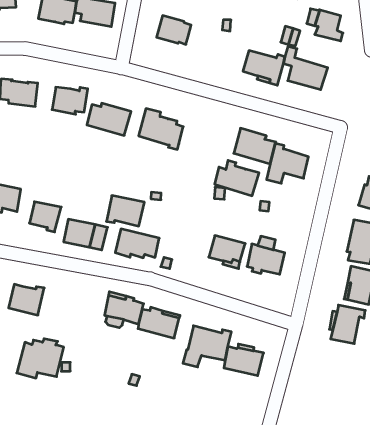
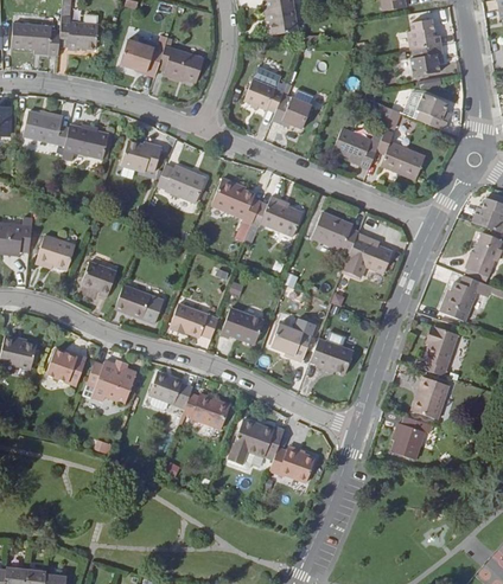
building: none -> [272,97,312,129]
building: [215,160,259,196] -> [254,195,304,237]
building: [106,196,144,226] -> [221,308,265,345]
building: [17,339,64,378] -> [83,360,138,403]

